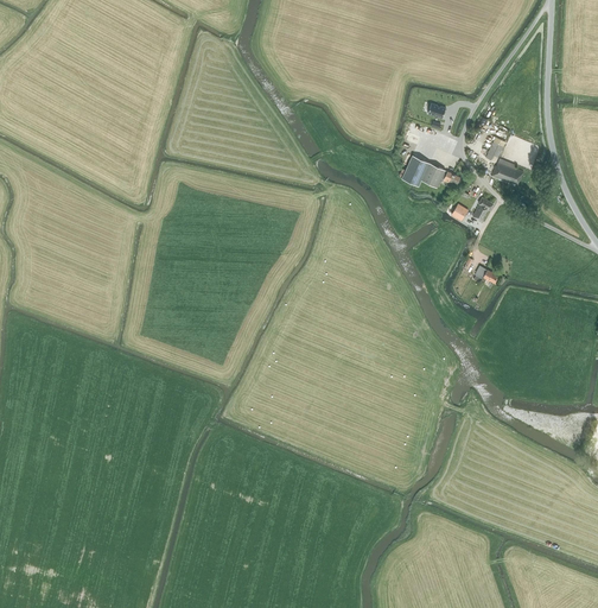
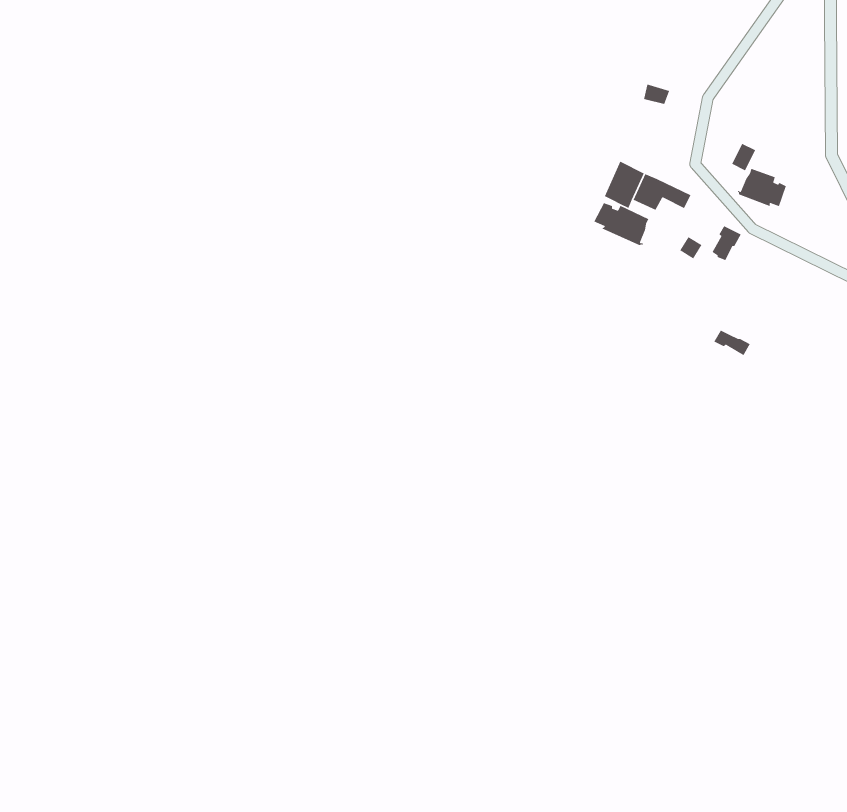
building: none -> [593,202,649,246]

